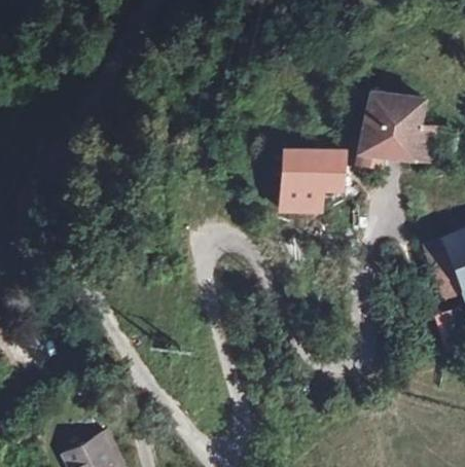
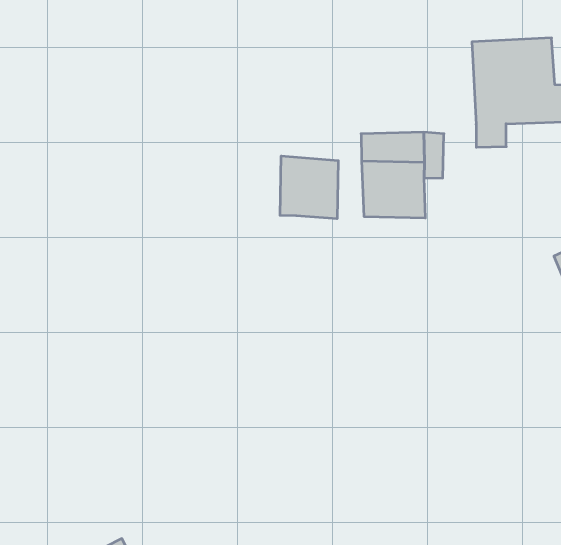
building: none -> [280,156,338,219]

